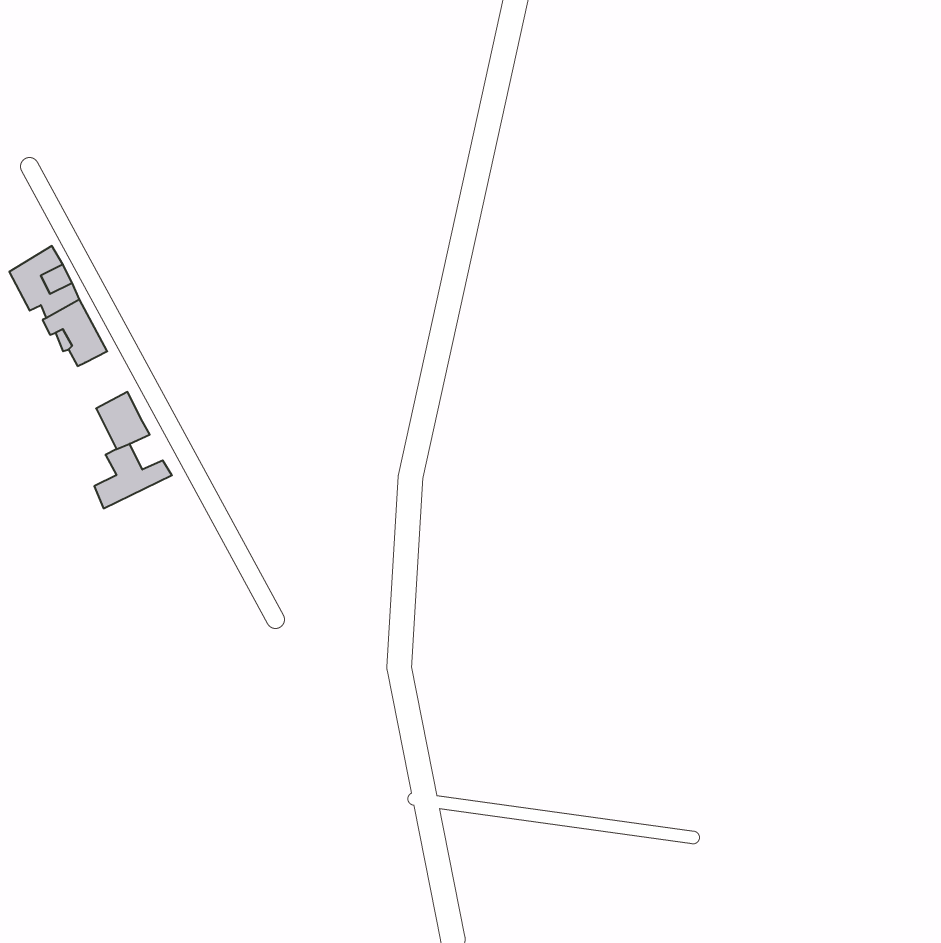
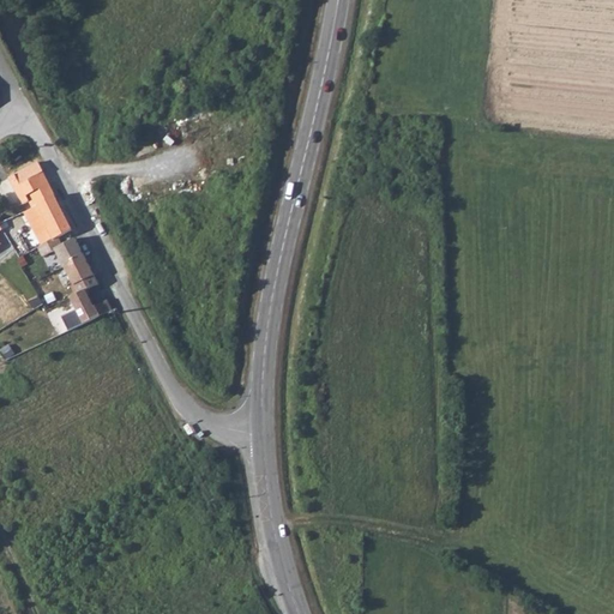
building: none -> [36,235,83,265]

